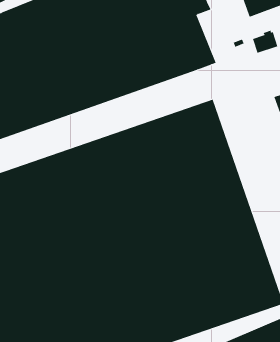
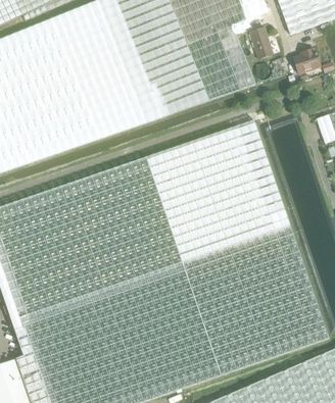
building: none -> [249,28,273,59]

